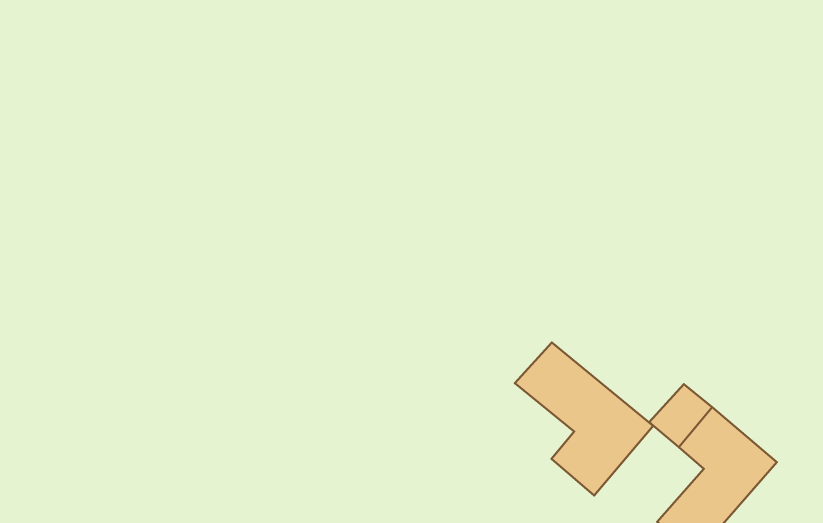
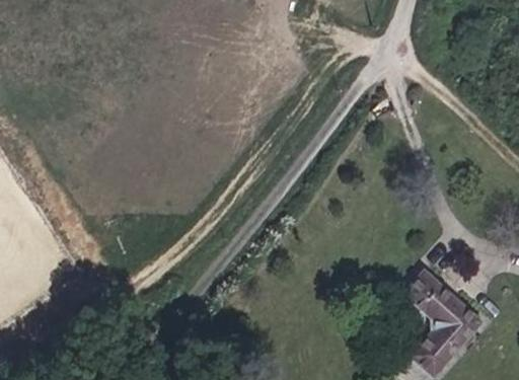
building: [515,343,653,496] -> none

